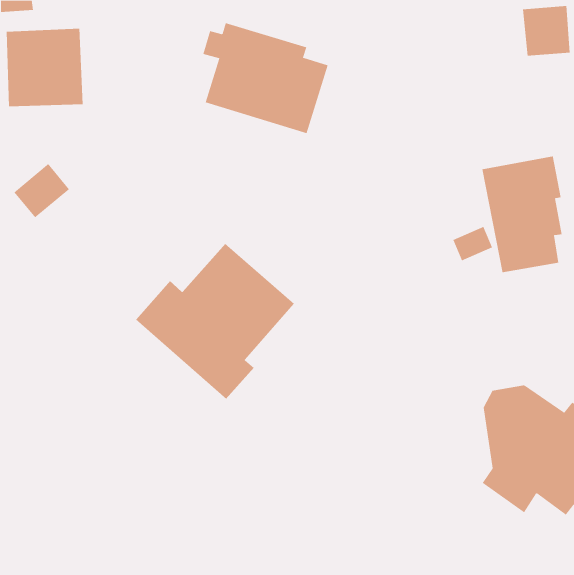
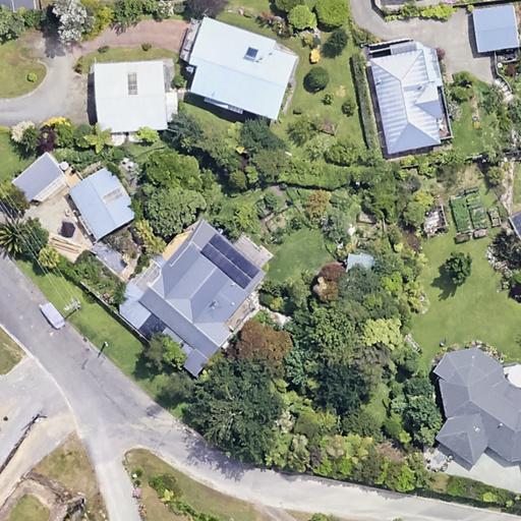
building: [6,28,83,107] -> [96,59,166,130]
building: [482,156,563,273] -> [369,47,443,153]
building: none -> [62,162,138,241]

